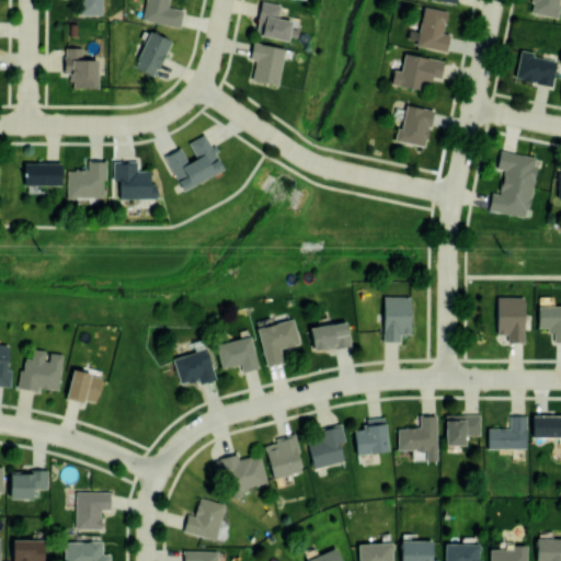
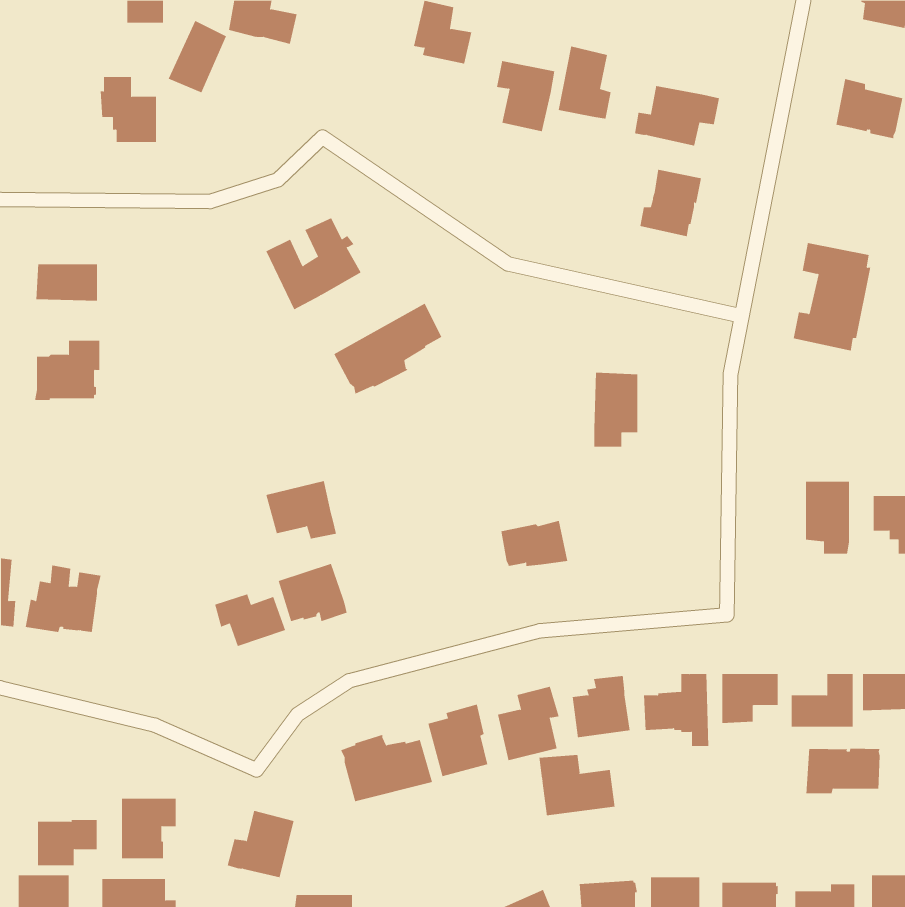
building: [419,8,451,53] -> [558,46,611,119]
building: [136,32,172,77] -> [168,20,227,93]
building: [251,43,287,87] -> [496,60,555,132]
building: [68,162,108,199] -> [34,340,100,401]
building: [114,162,159,201] -> none
building: none -> [333,303,442,395]
building: [385,297,412,343] -> [594,372,638,447]
building: [259,320,301,367] -> none
building: [217,336,261,373] -> [266,480,337,539]
building: none -> [214,593,286,647]
building: [67,370,103,403] -> none
building: none -> [806,748,880,794]
building: none -> [539,754,615,816]
building: [12,471,49,500] -> [37,819,98,866]
building: [185,499,227,540] -> [227,810,294,878]

